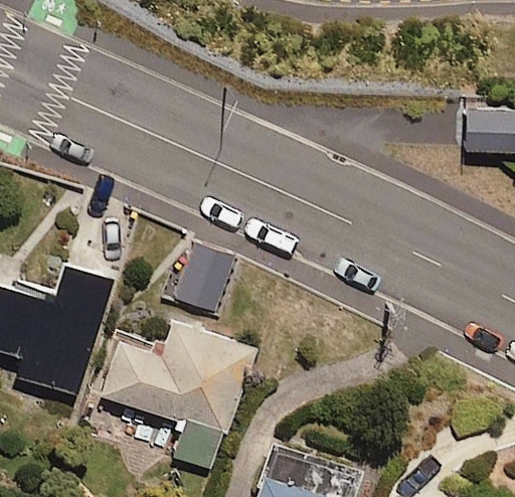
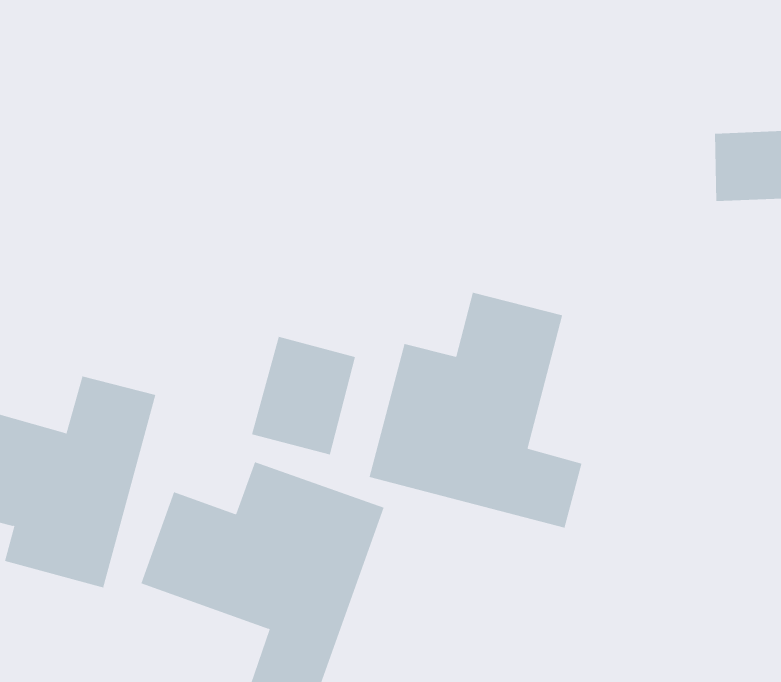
building: none -> [369,292,582,529]

